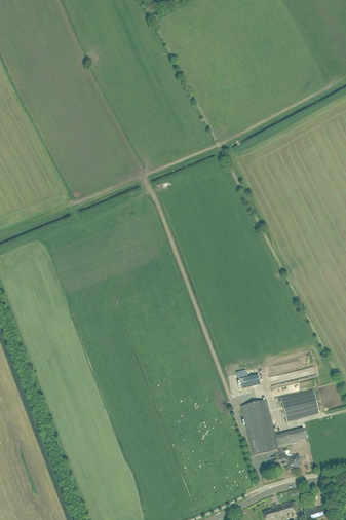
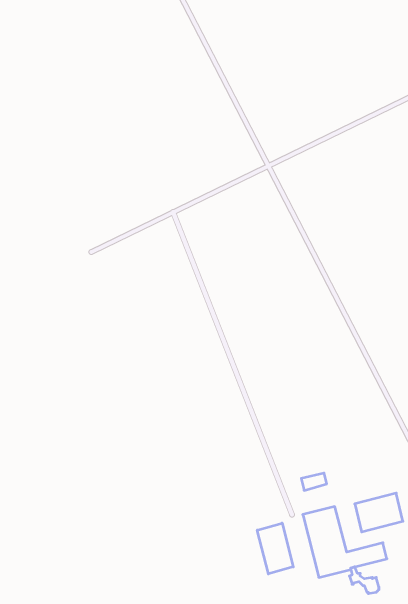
building: none -> [257,523,293,574]

